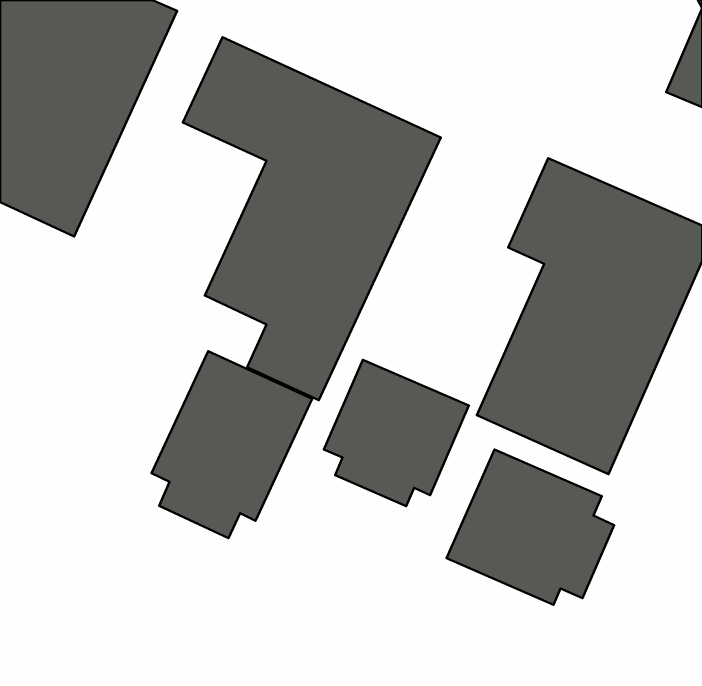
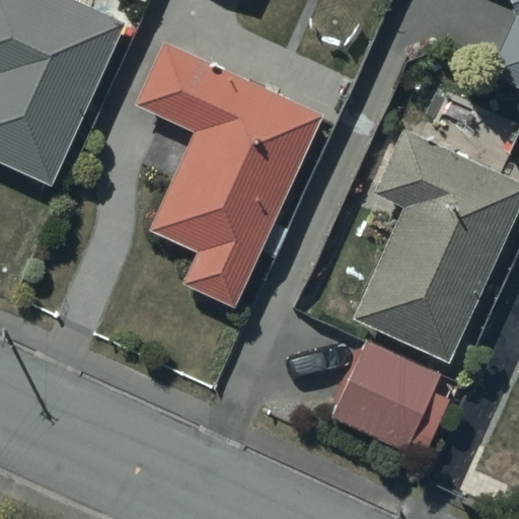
building: [151,351,312,538] -> none
building: [324,360,469,506] -> none

